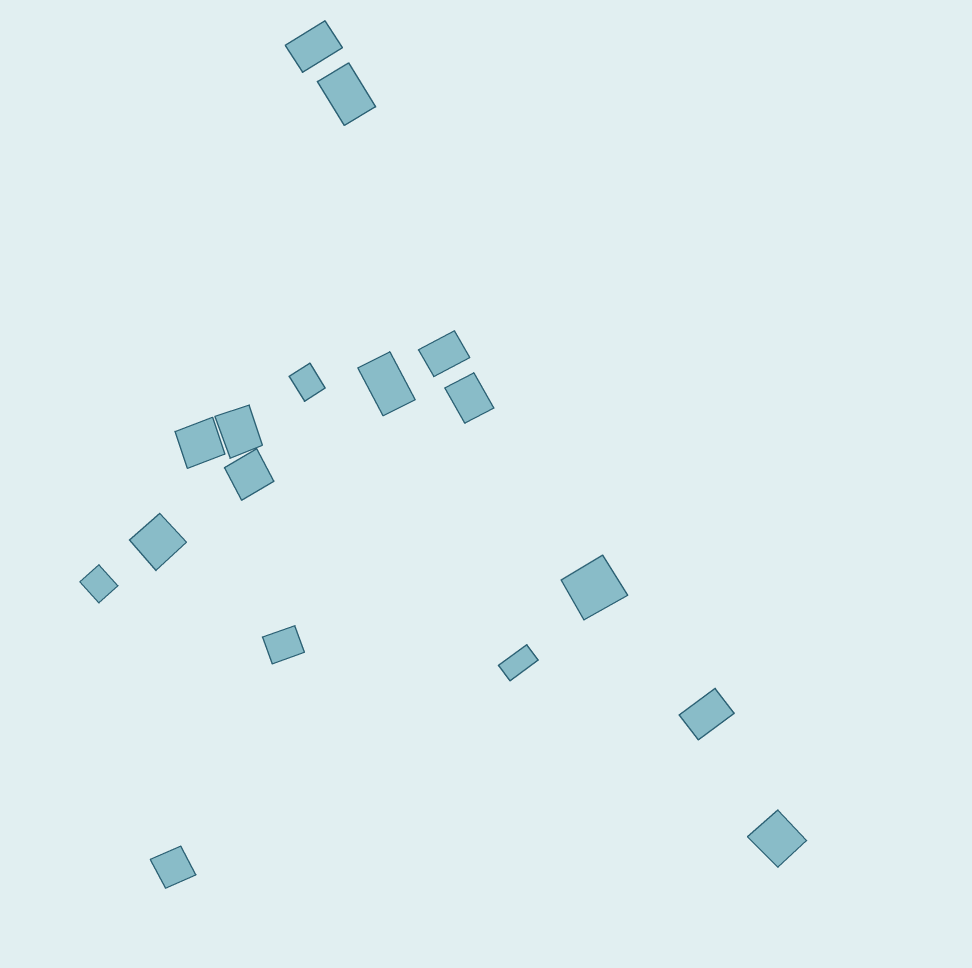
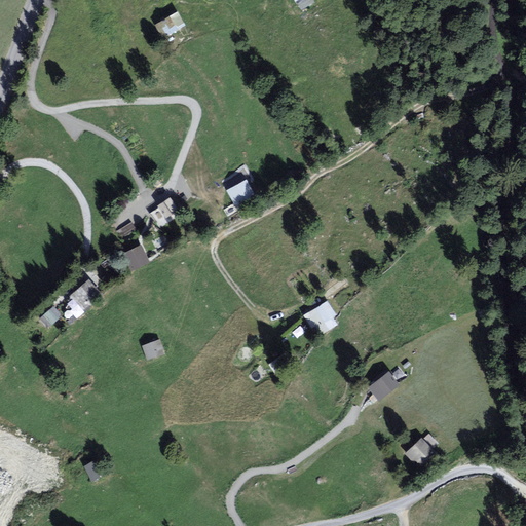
building: [317,63,376,125] -> none
building: [358,352,415,416] -> none
building: [445,373,494,423] -> none
building: [175,417,225,468] -> none

